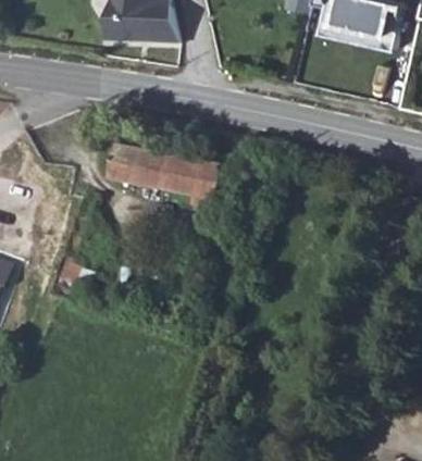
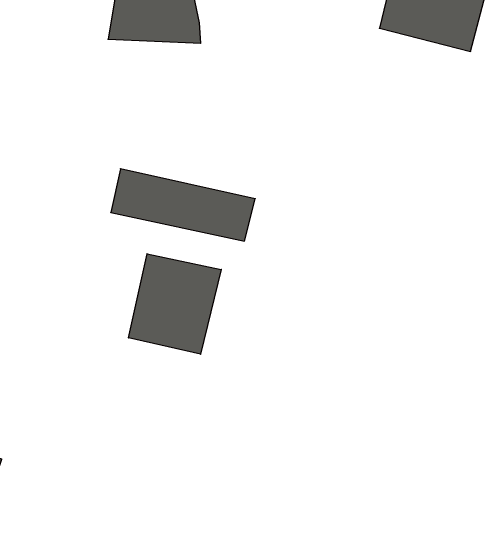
building: none -> [129,254,221,354]

